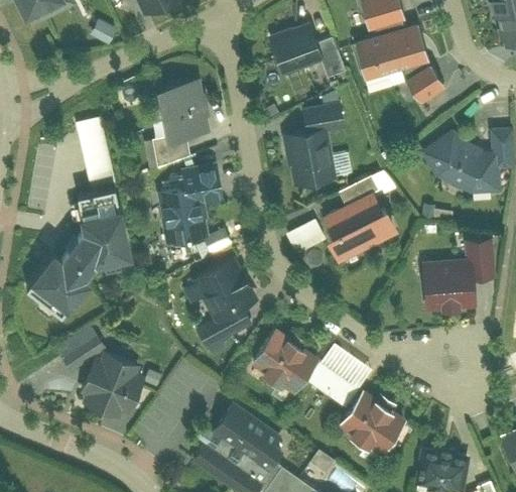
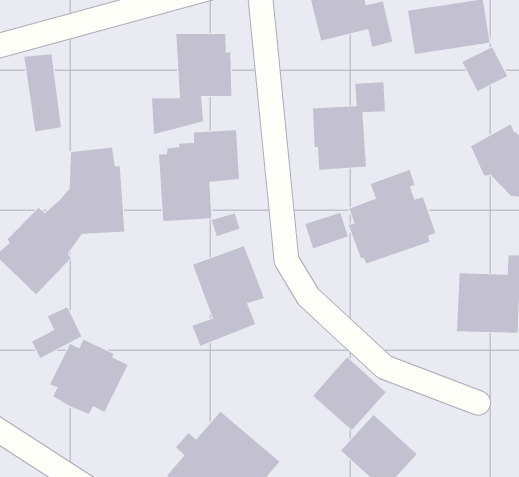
building: [76,118,115,187] -> [24,54,62,132]
building: [250,326,319,394] -> none

